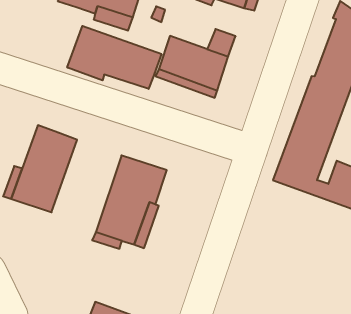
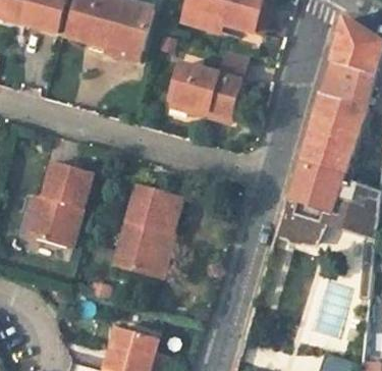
building: [67,26,161,89] -> none

